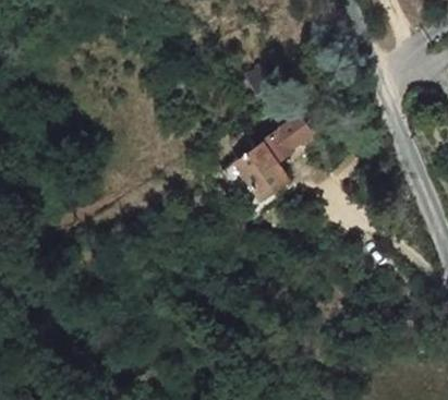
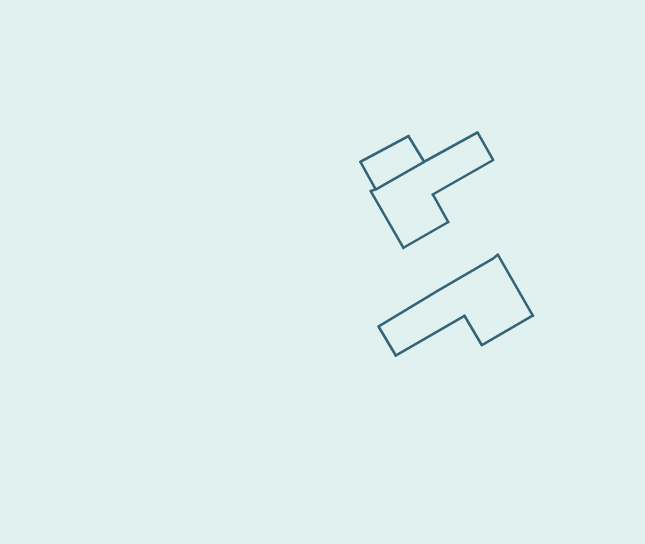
building: none -> [379,255,533,356]

